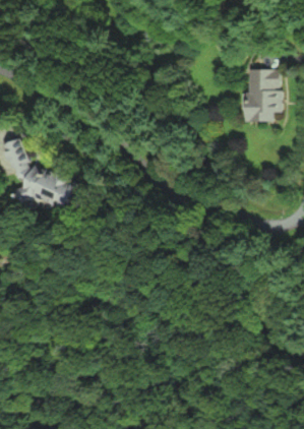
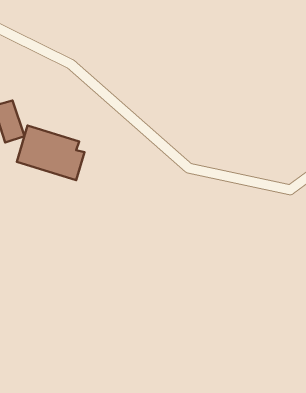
building: [244,66,275,119] -> none

